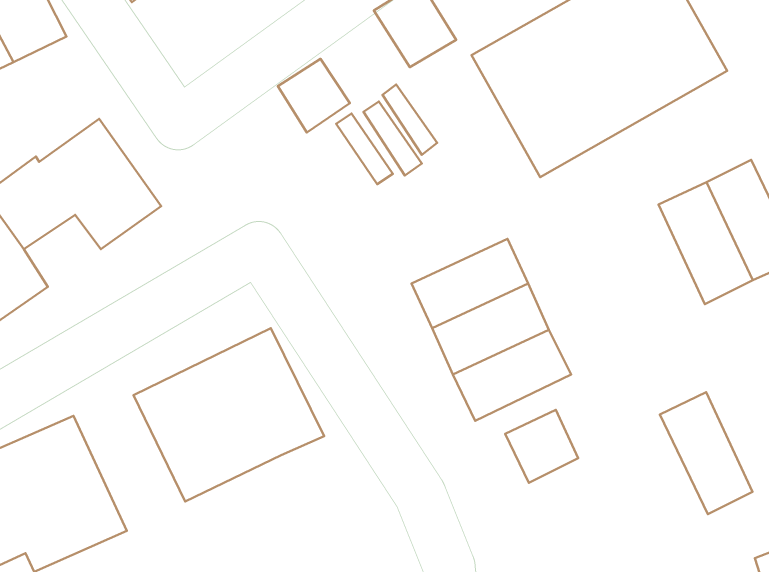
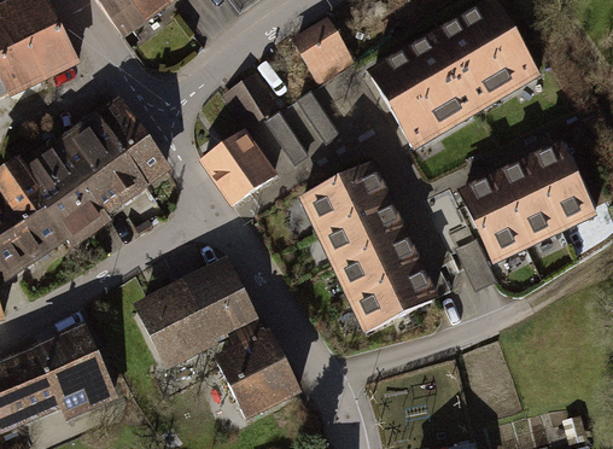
building: none -> [101,99,165,175]
building: none -> [204,129,274,200]
building: none -> [305,165,389,229]
building: none -> [48,181,109,240]
building: [660,392,752,514] -> [462,174,527,260]
building: [505,410,578,483] -> none
building: none -> [217,333,297,425]

